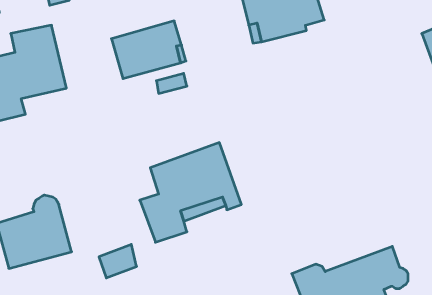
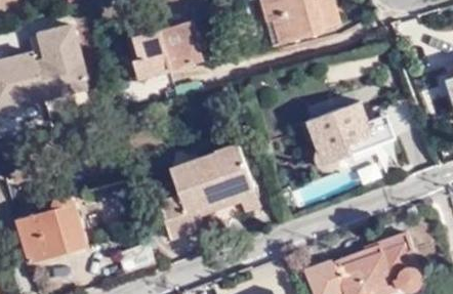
building: none -> [306,100,374,169]

